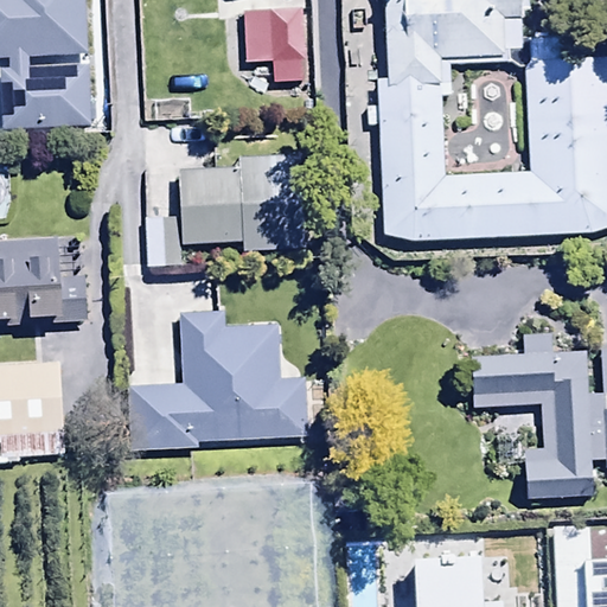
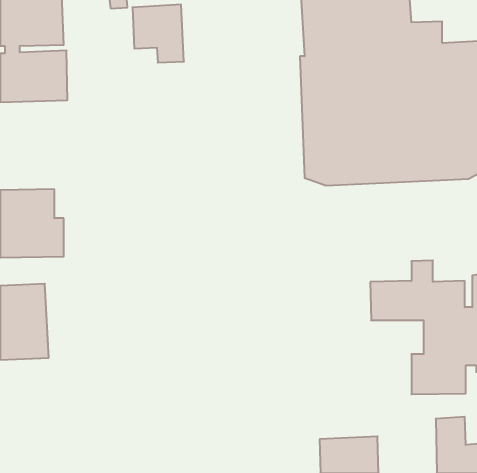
building: [242,9,307,83] -> [132,5,184,63]
building: [146,156,314,264] -> none
building: [129,311,308,447] -> none

